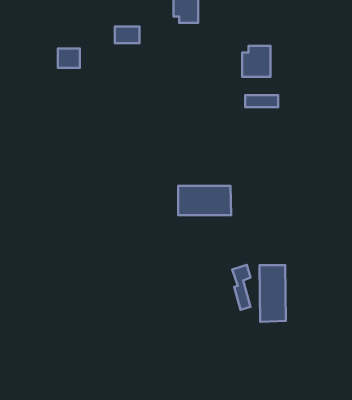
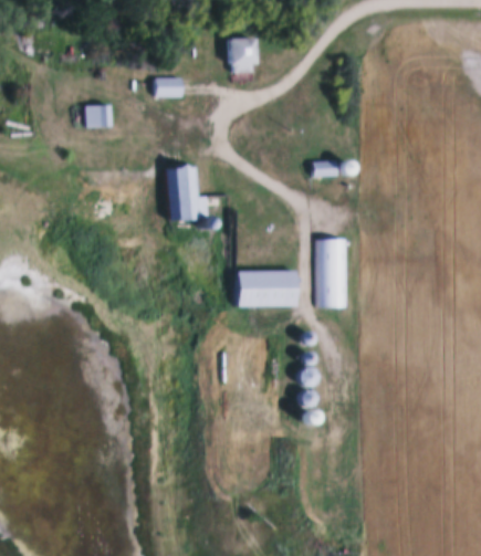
building: [242,46,271,77] -> none
building: none -> [171,167,206,221]
building: [259,265,286,322] -> [318,239,351,307]

